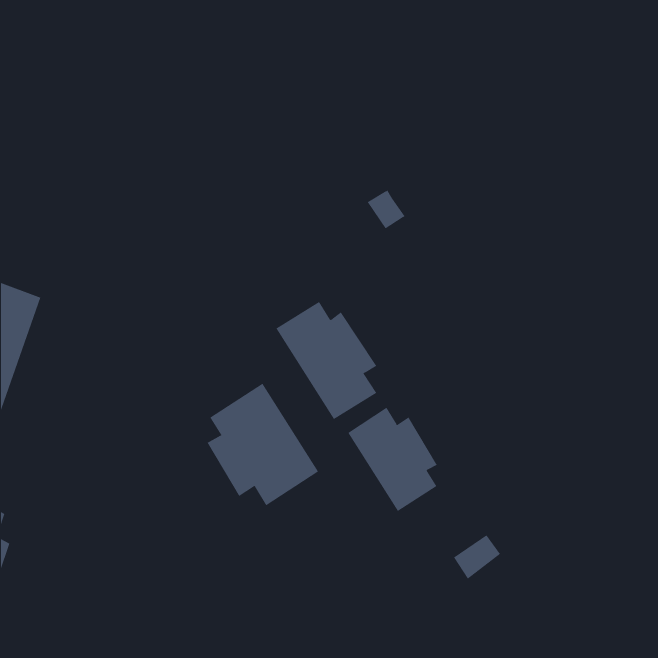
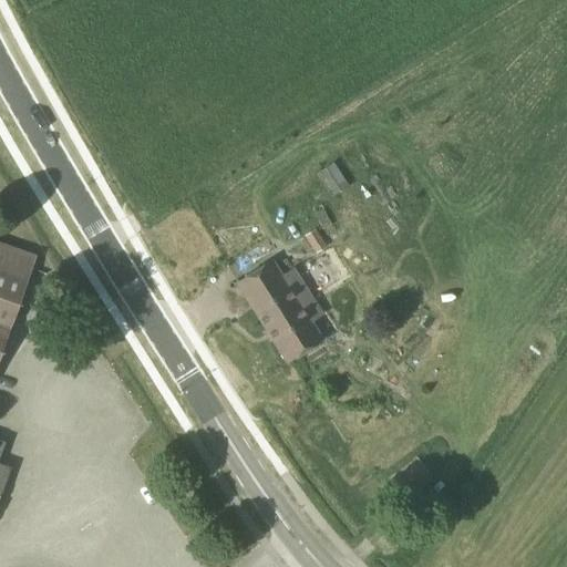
building: [207,383,319,506] -> none
building: [347,407,437,512] -> none

